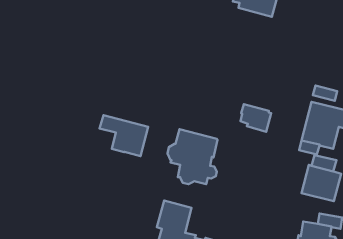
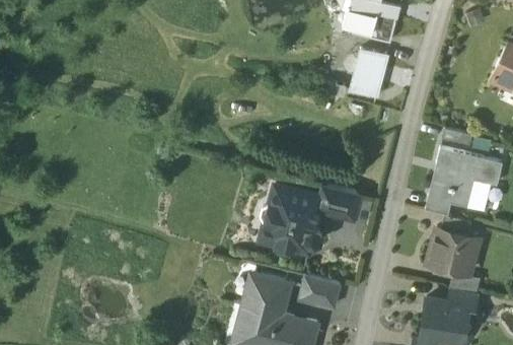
building: none -> [351,50,386,96]
building: [240,104,271,132] -> [320,186,359,220]
building: [100,115,148,156] -> none
building: none -> [302,275,340,307]

